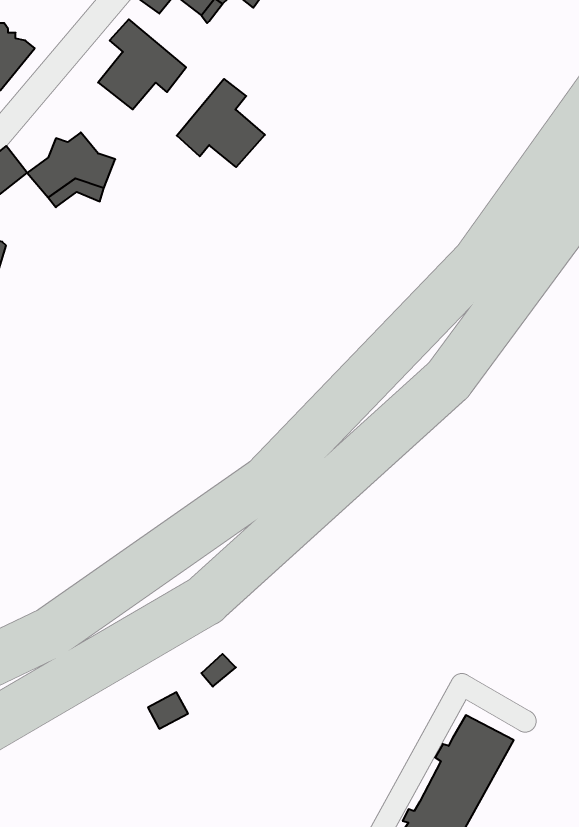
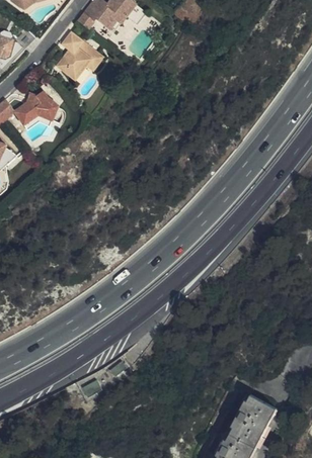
building: [177,79,265,167] -> none

